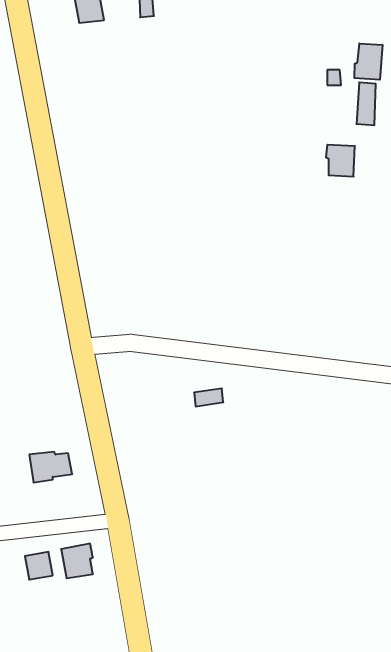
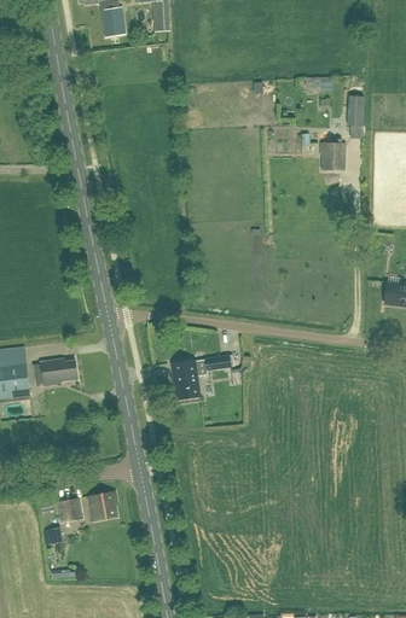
building: [354,43,382,80] -> none
building: none -> [170,360,199,398]
building: [29,452,72,482] -> [40,358,77,385]

